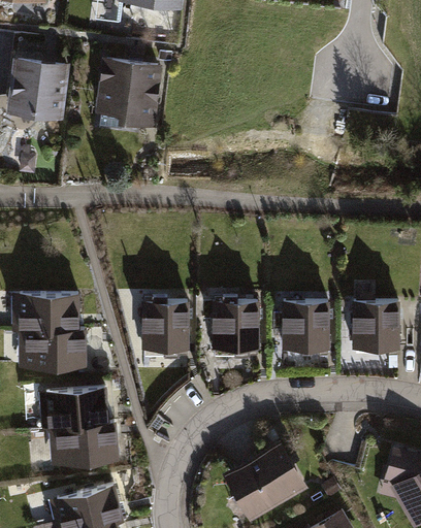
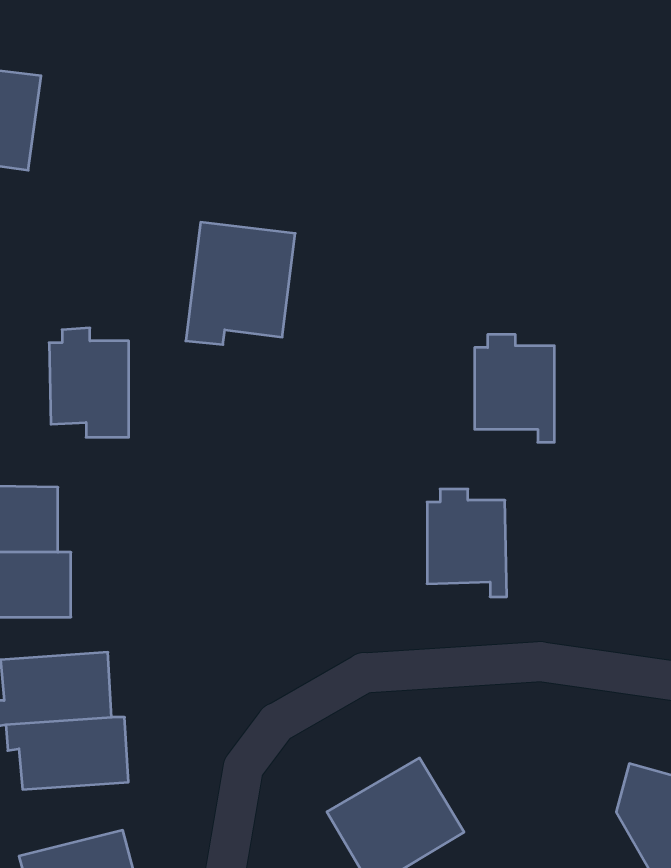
building: [98,62,159,130] -> [186,222,295,345]
building: [141,296,186,357] -> [49,328,129,437]
building: [213,297,257,358] -> none
building: [352,297,396,357] -> [475,335,554,442]

